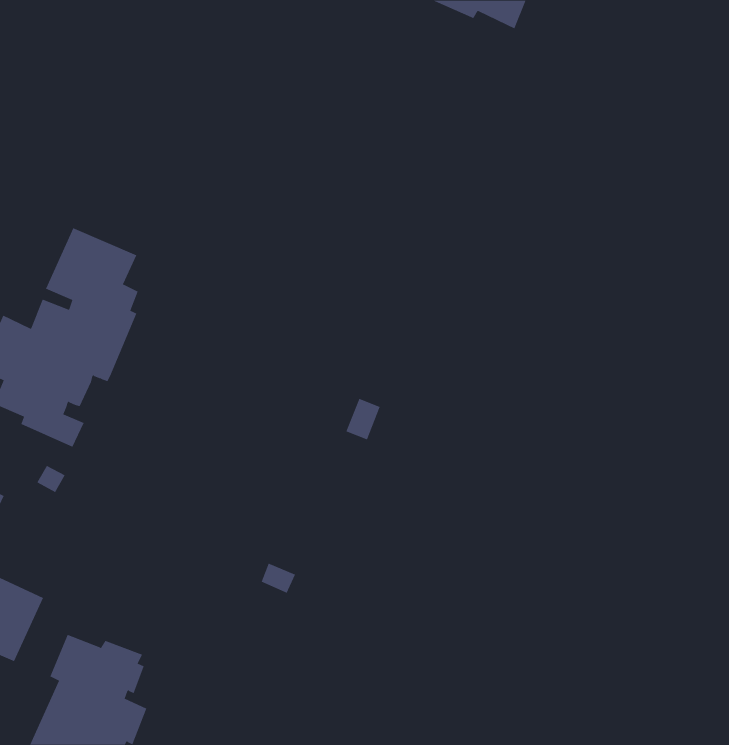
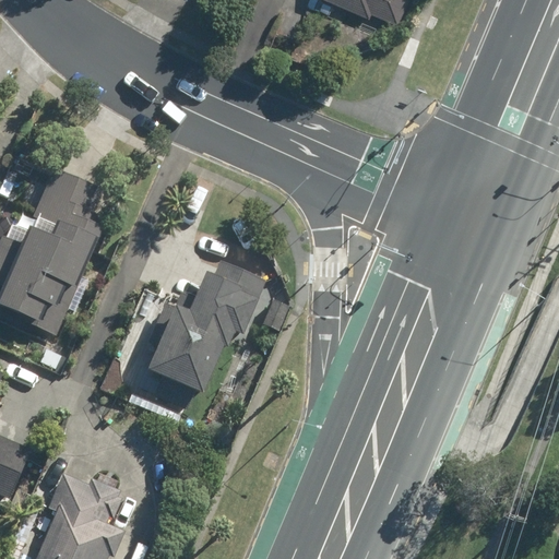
building: none -> [145,260,263,407]

